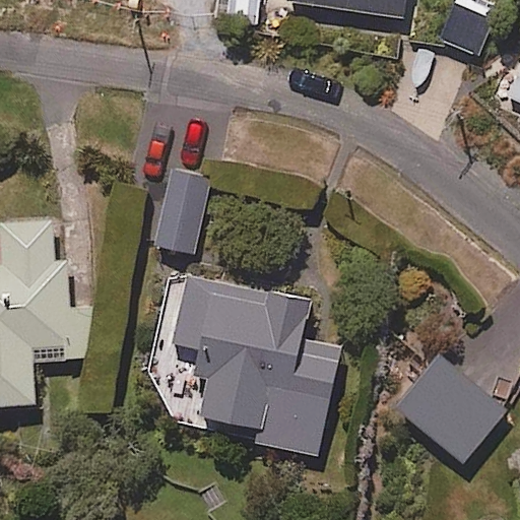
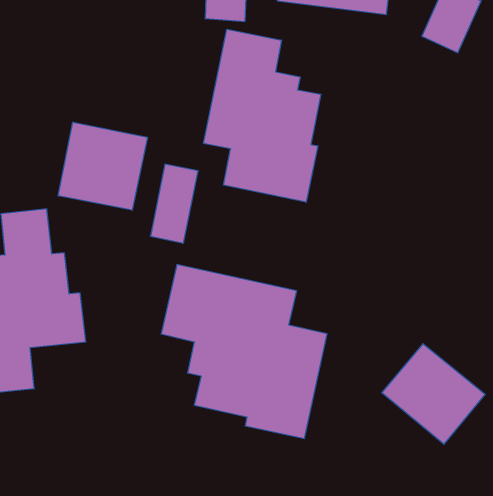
building: none -> [204,29,321,202]
building: none -> [58,122,147,210]

